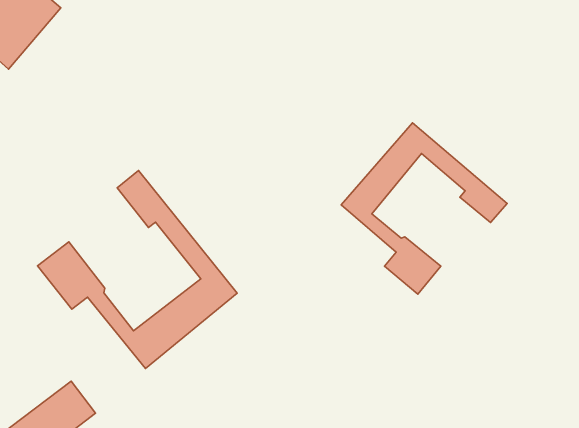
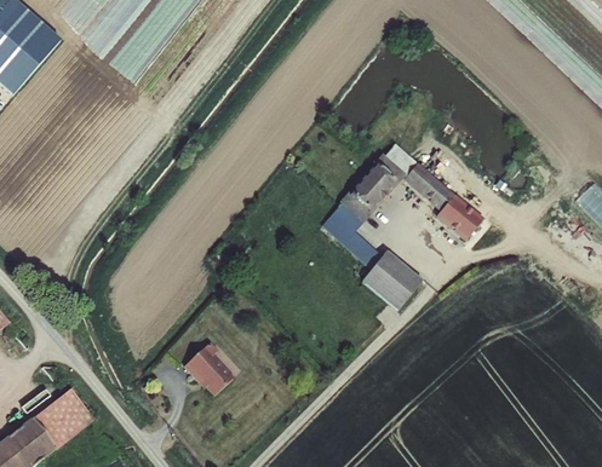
building: [37,170,237,369] -> none
building: none -> [184,342,233,398]

